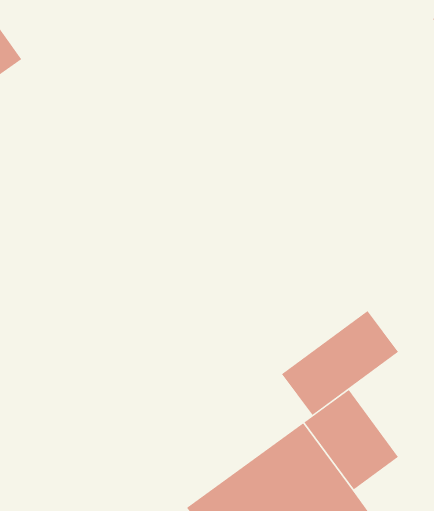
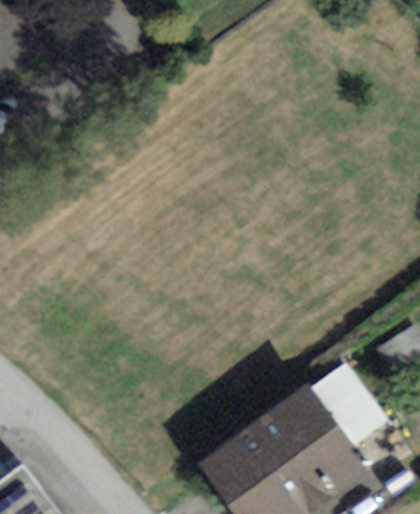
building: [281,310,399,416] -> none

